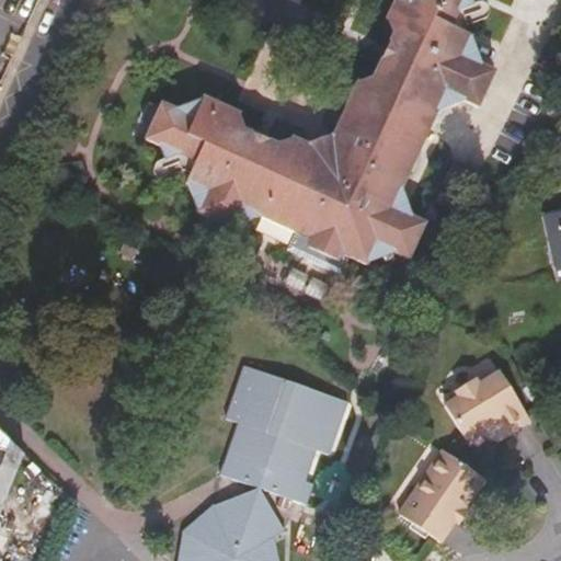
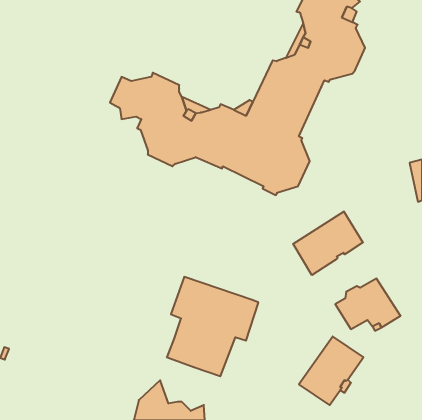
building: [287,220,350,268] -> none
building: none -> [293,211,363,275]
building: [213,486,282,545] -> none

